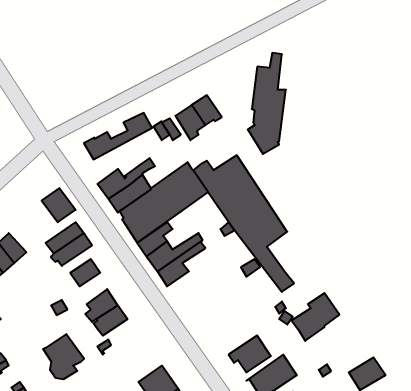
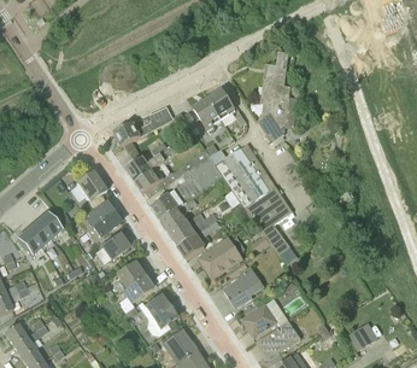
building: none -> [200,236,243,278]
building: [292,293,339,341] -> [223,265,265,308]
building: [43,334,84,379] -> [140,294,176,334]

